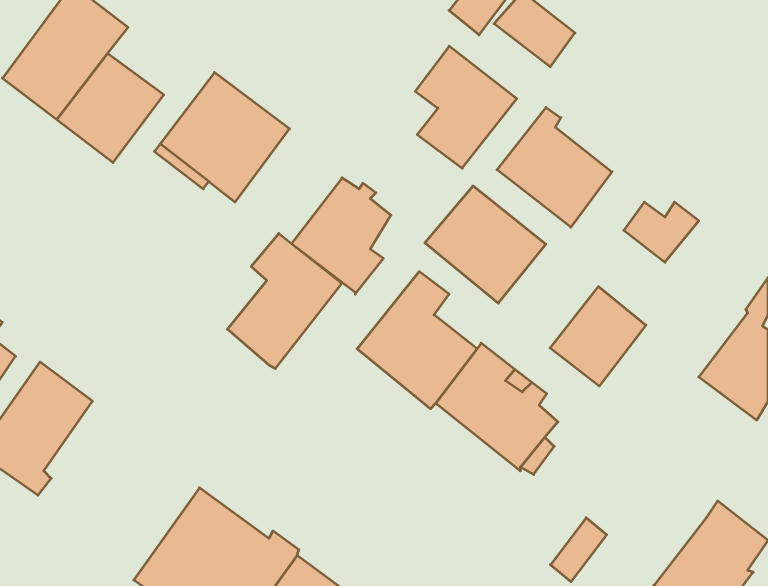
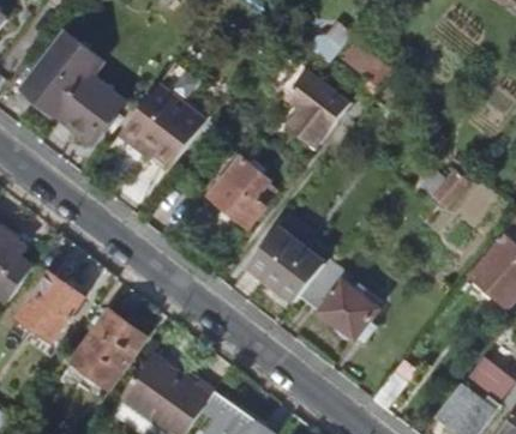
building: [497,107,612,227] -> none
building: [425,186,546,303] -> none
building: [227,233,342,369] -> none
building: [550,287,646,386] -> none
building: none -> [70,312,143,388]

